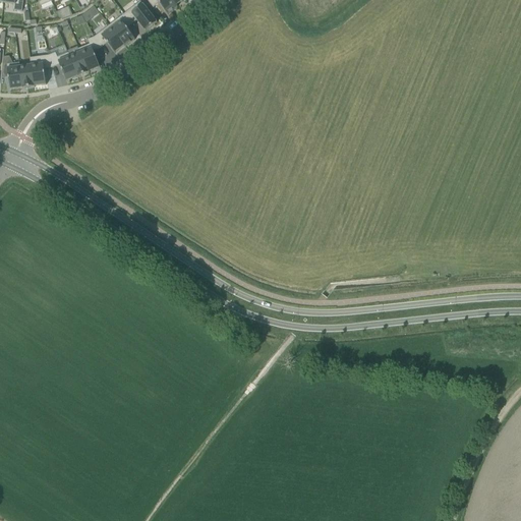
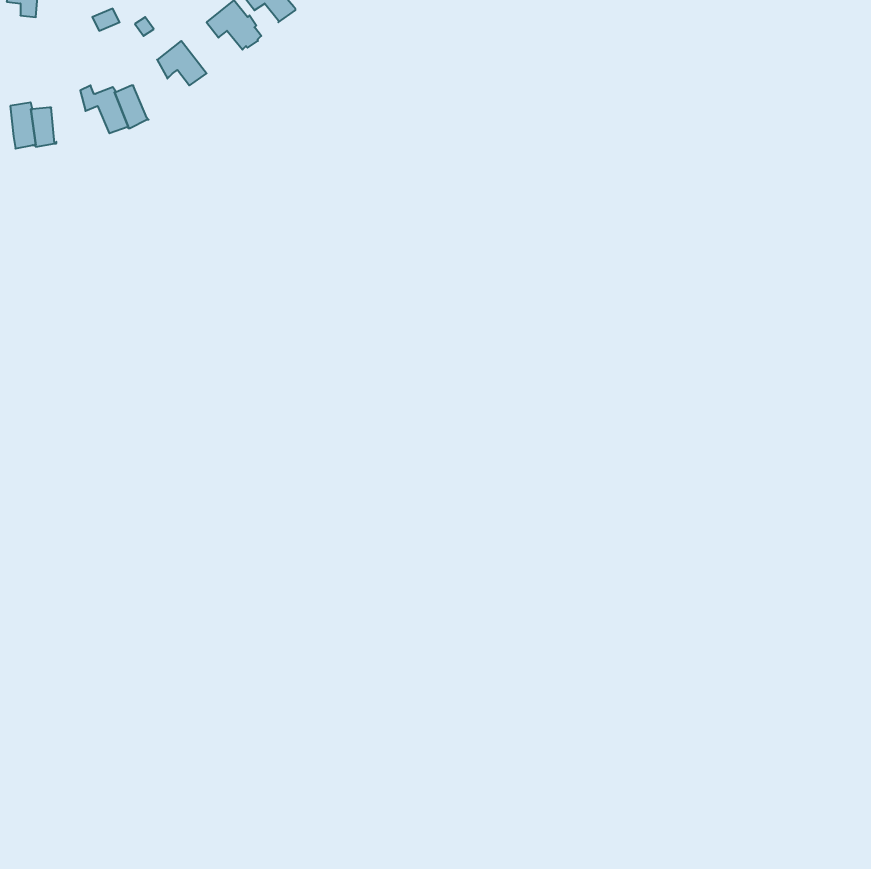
building: [108,13,134,46] -> none
building: [77,36,100,70] -> none
building: [28,54,51,85] -> none

